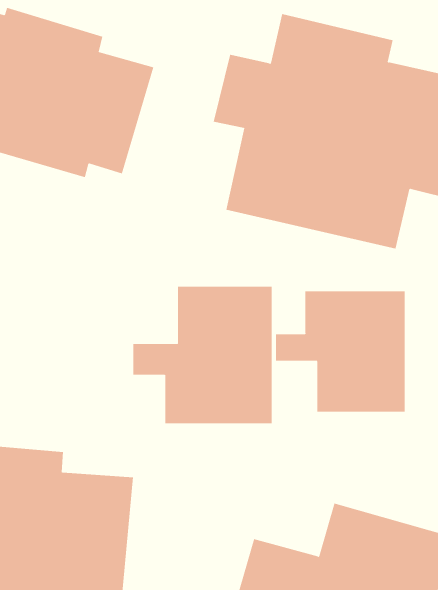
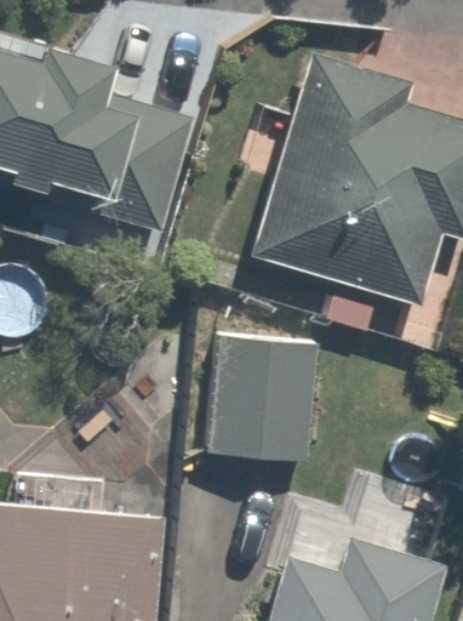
building: [275,290,405,413] -> none

